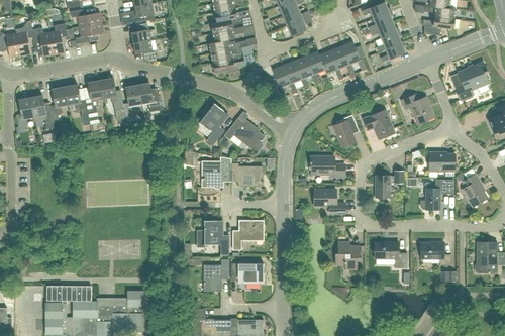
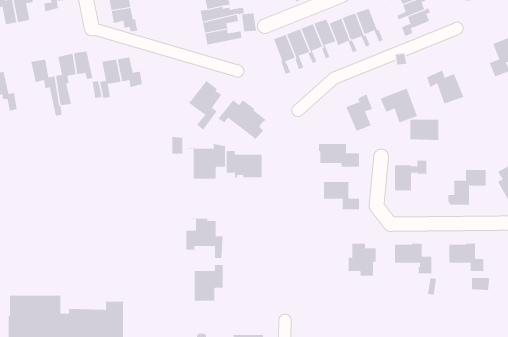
building: [49,87,69,120] -> none
building: [429,153,454,172] -> [410,119,439,141]
building: [233,220,264,249] -> none
building: [231,262,264,283] -> none

